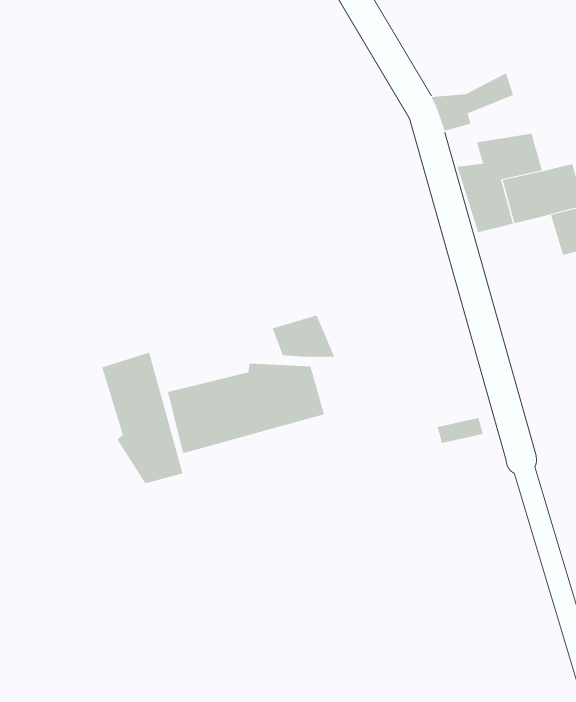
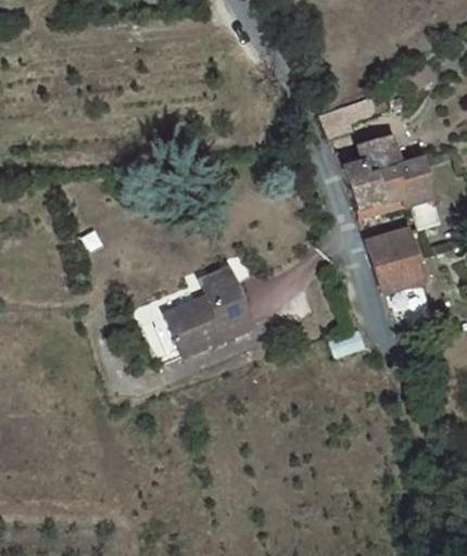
building: none -> [368,224,426,302]
building: [102,352,183,484] -> none

